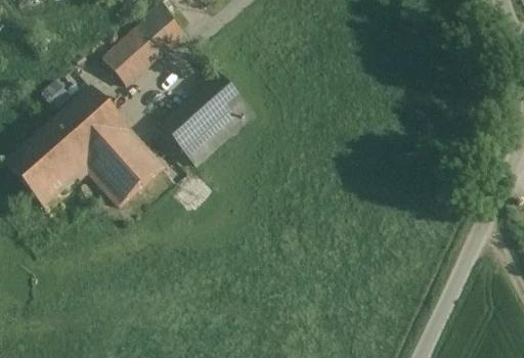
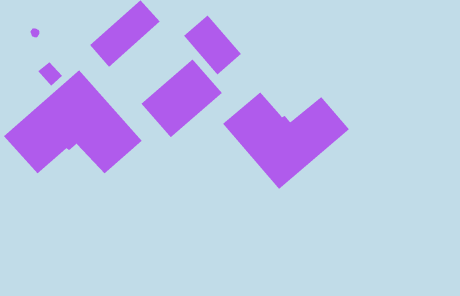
building: none -> [183,14,242,75]
building: none -> [222,92,350,190]

